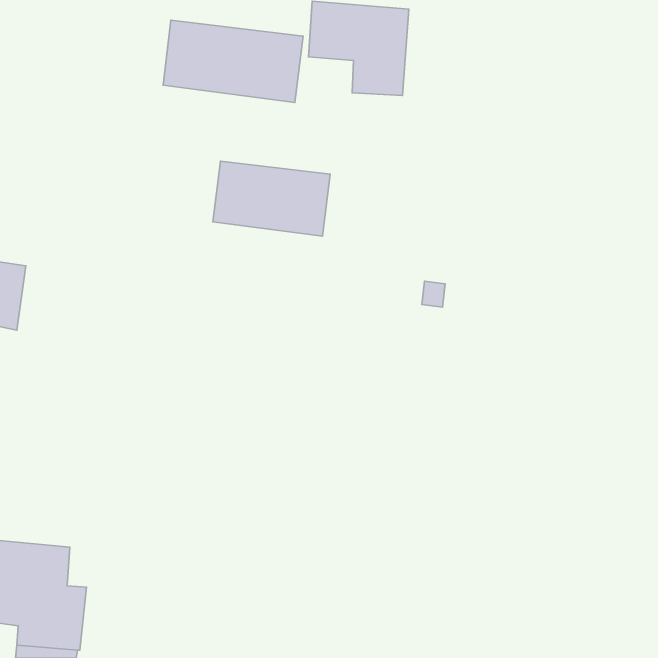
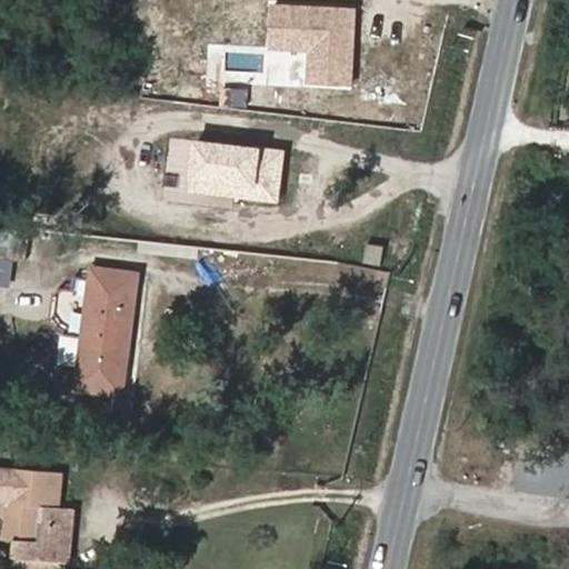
building: [163,20,303,103] -> none
building: none -> [77,267,136,391]

